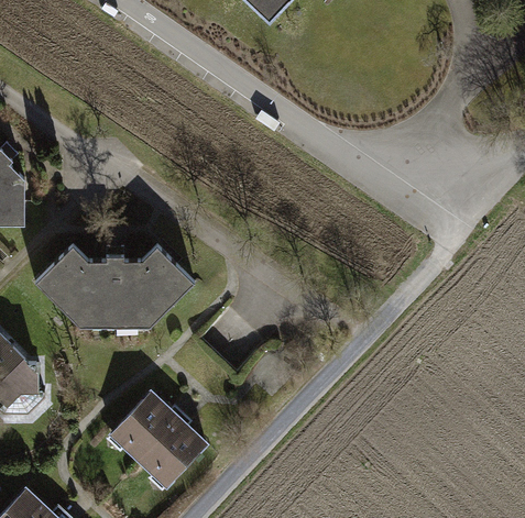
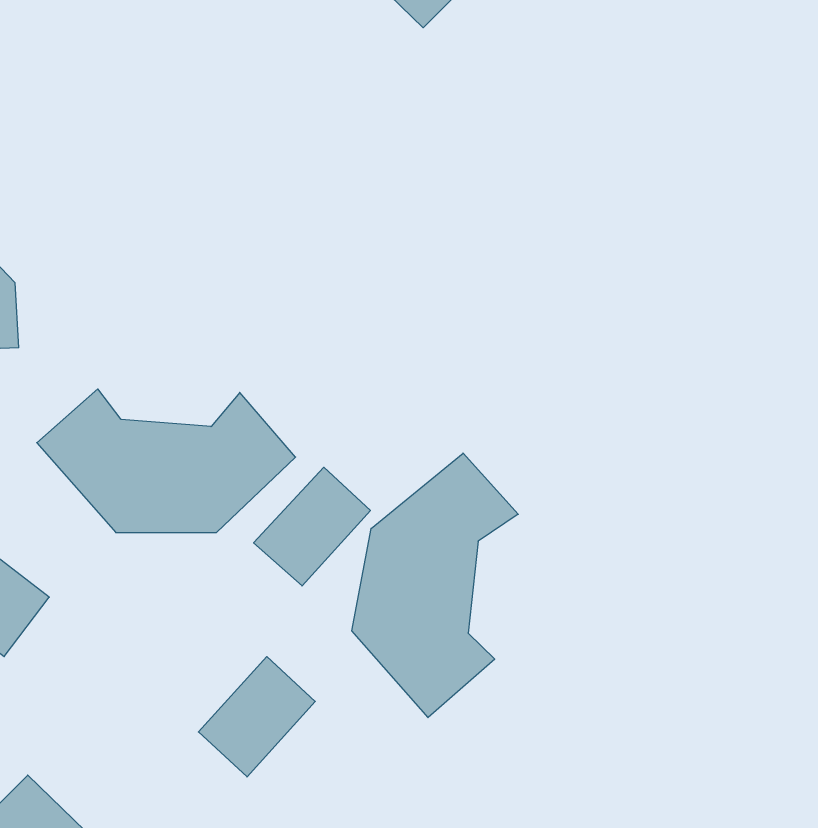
building: none -> [352,453,518,718]
building: [105,384,176,456] -> [254,467,370,586]

